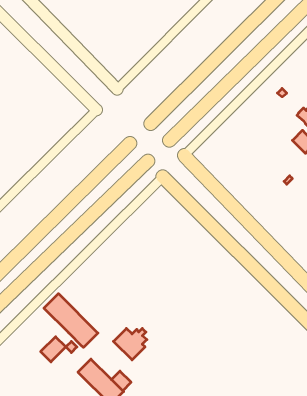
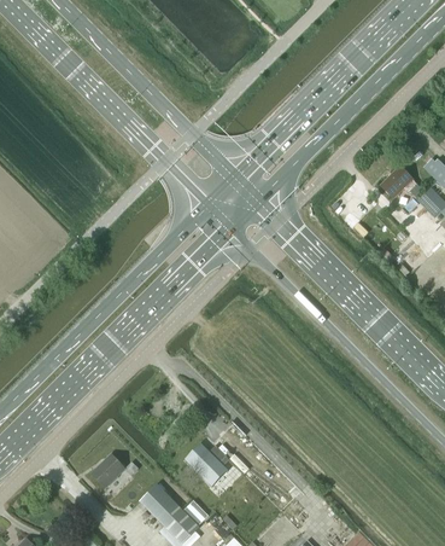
building: none -> [380,167,416,199]
building: [44,294,98,347] -> none

